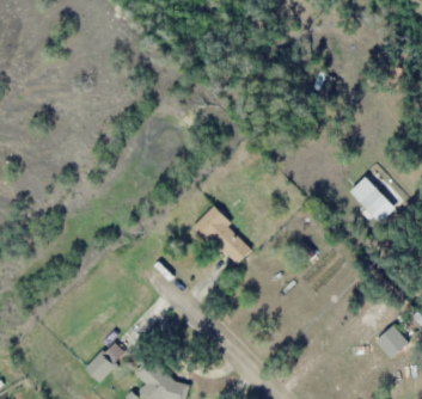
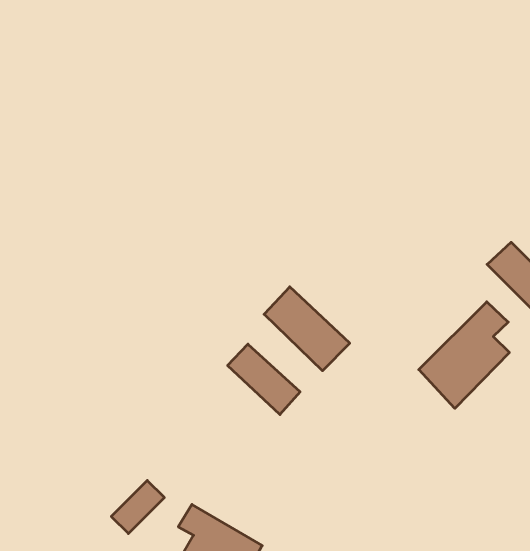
building: none -> [419,302,509,408]
building: none -> [228,344,300,415]

